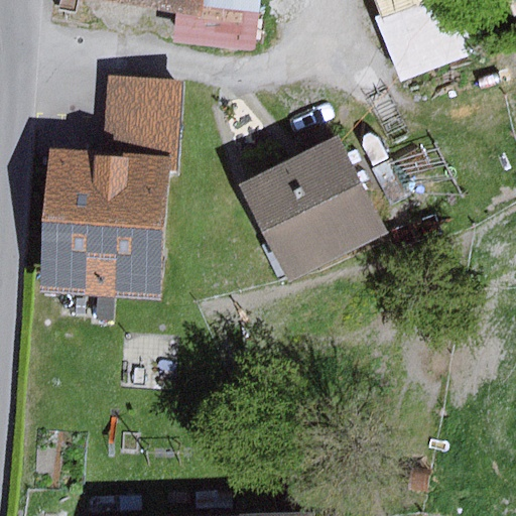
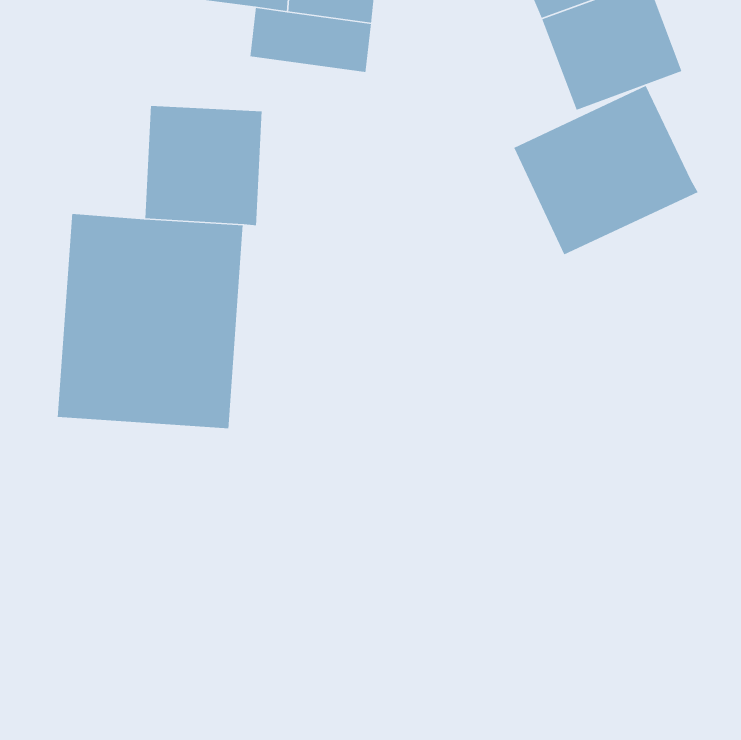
building: none -> [513,85,699,256]
building: [242,139,383,279] -> none

